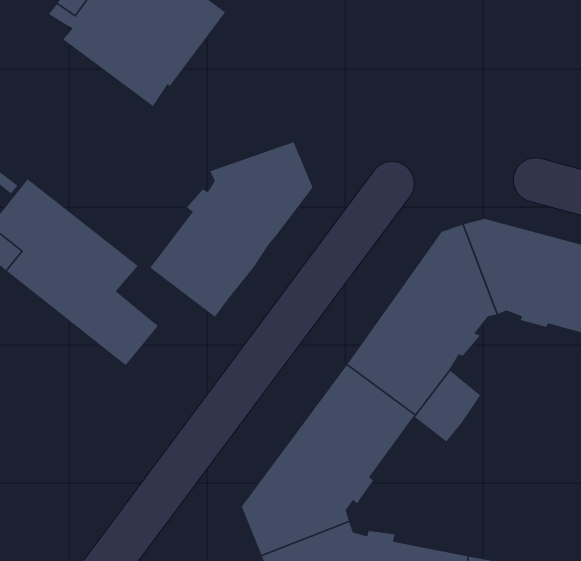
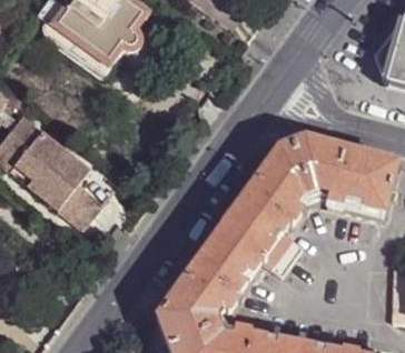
building: [149,141,313,318] -> none

